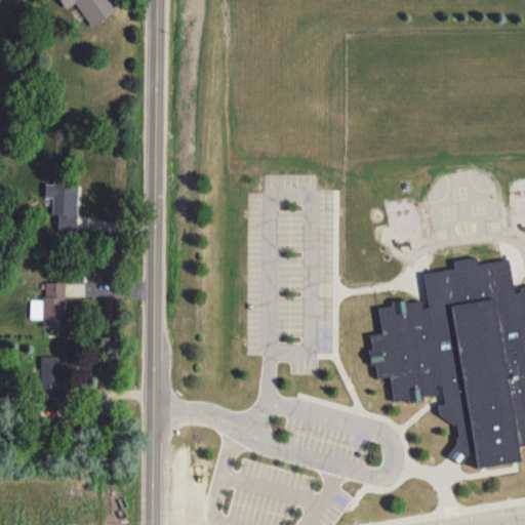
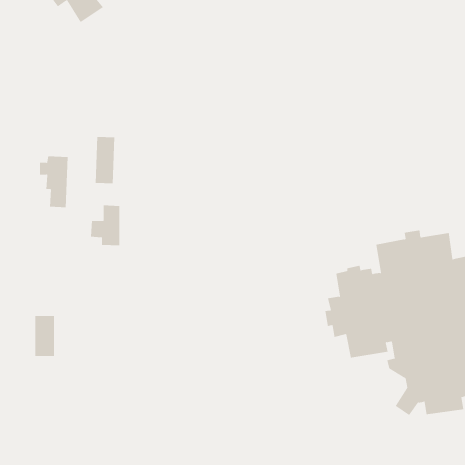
building: none -> [95,136,115,184]
building: [31,281,65,327] -> [90,205,120,246]

